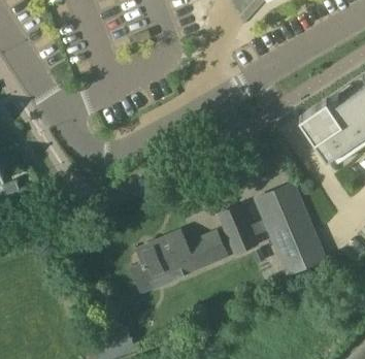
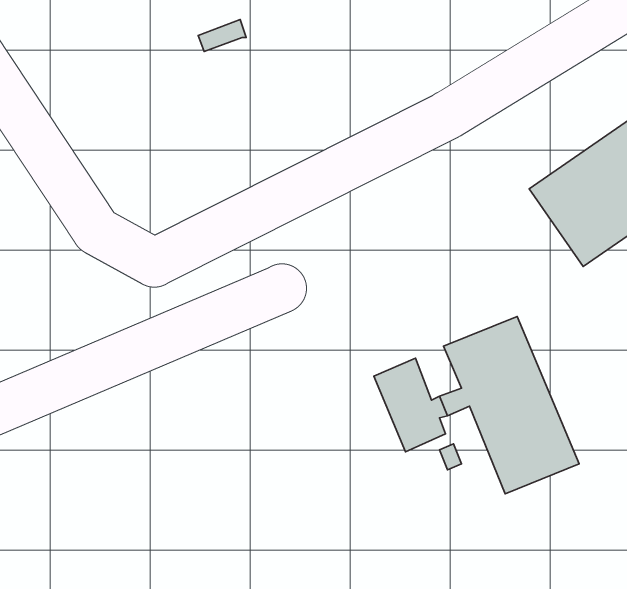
building: [132,231,228,294] -> none

